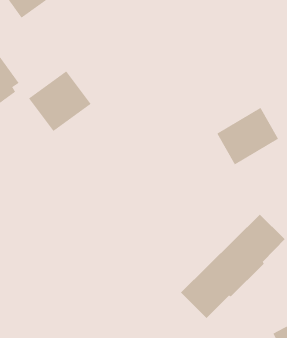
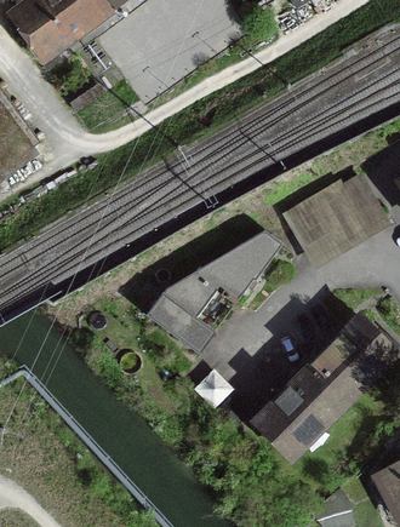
building: [28,70,92,132] -> none
building: none -> [144,233,276,354]

